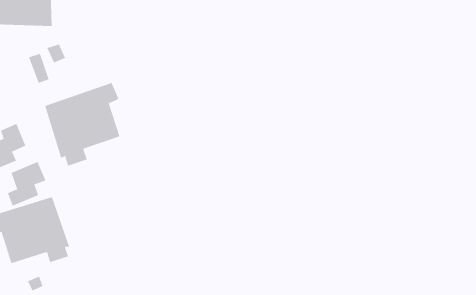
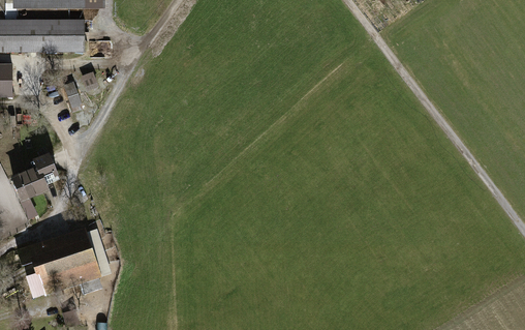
building: [45,82,120,166] -> none
building: [7,161,46,206] -> none

